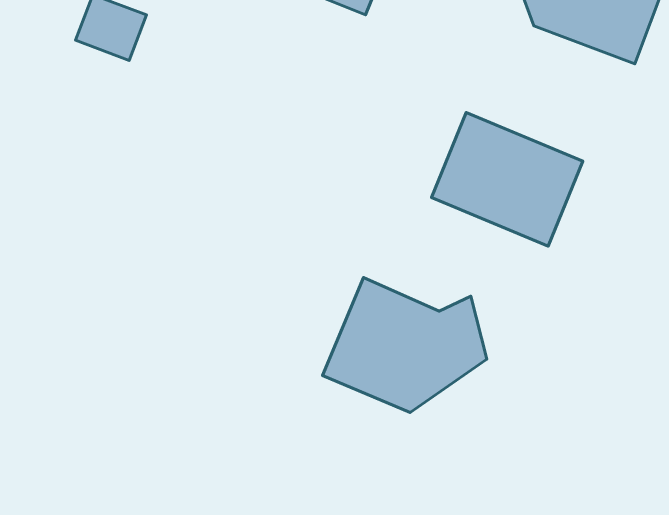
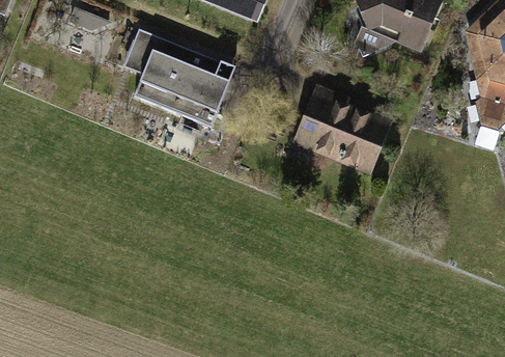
building: none -> [133,28,233,127]
building: [322,277,487,413] -> none

